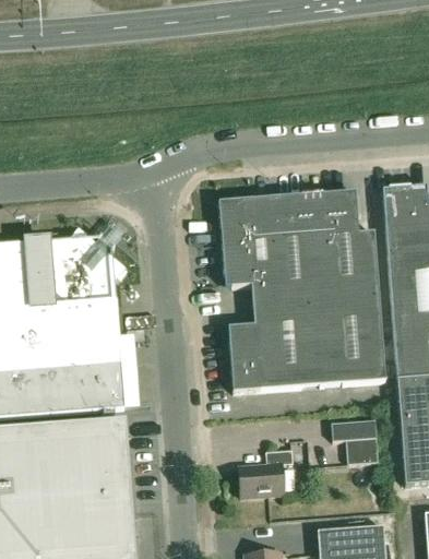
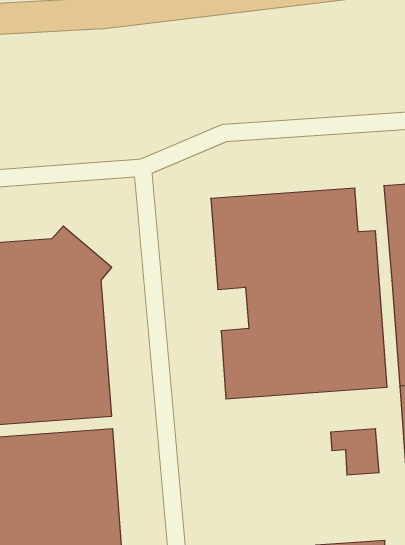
building: [238,449,293,496] -> none

